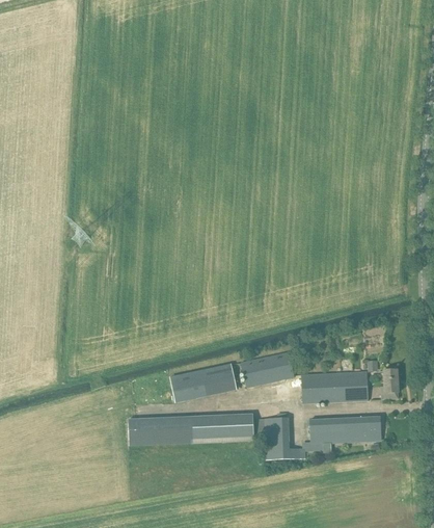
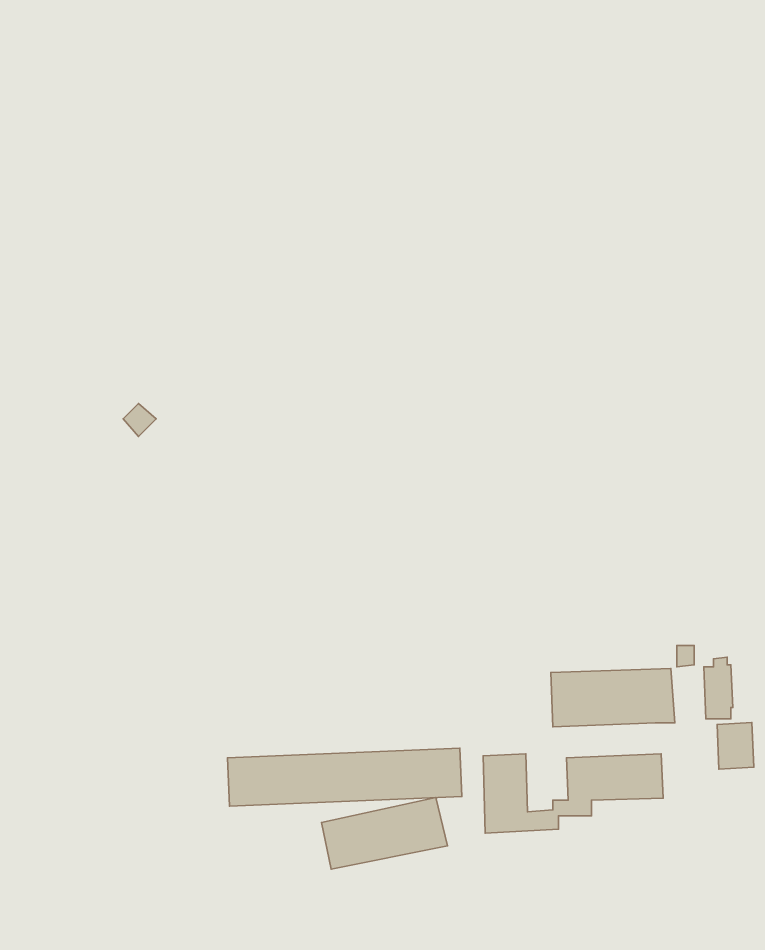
building: [241,351,294,387] -> none
building: [169,363,237,401] -> [322,797,447,869]
building: [360,416,380,441] -> [717,723,754,769]

